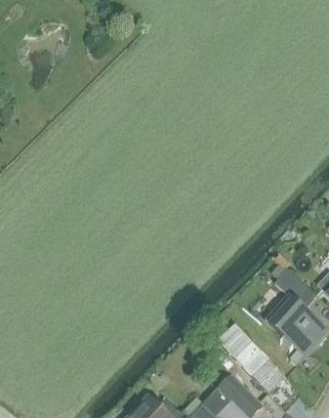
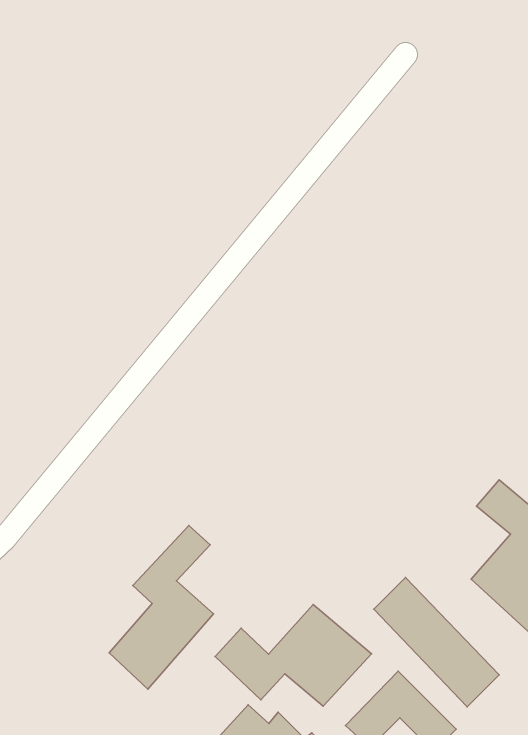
building: none -> [109,526,213,689]
building: none -> [215,605,371,706]

